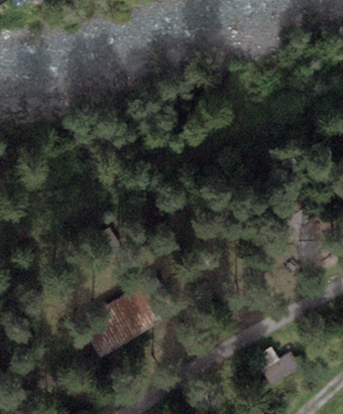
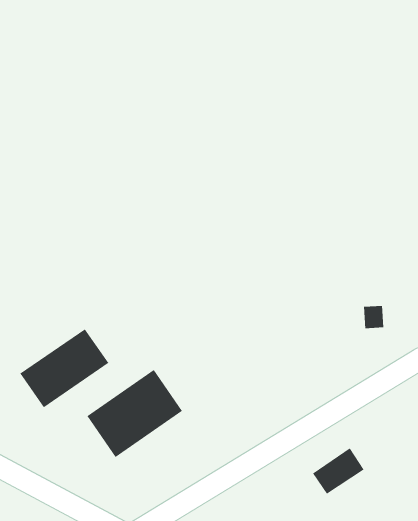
building: none -> [20,328,109,408]

